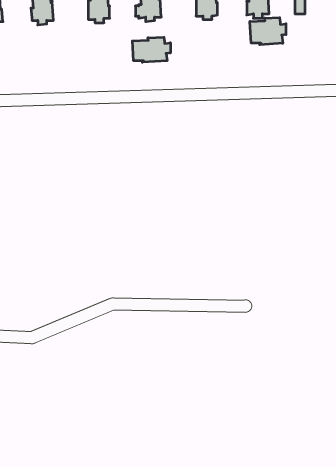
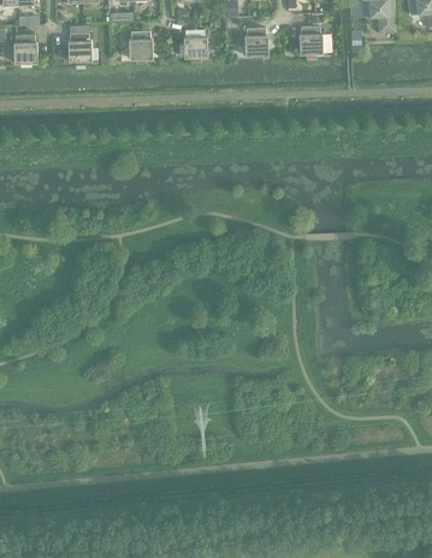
building: [250,18,286,45] -> none
building: [132,37,170,62] -> none

